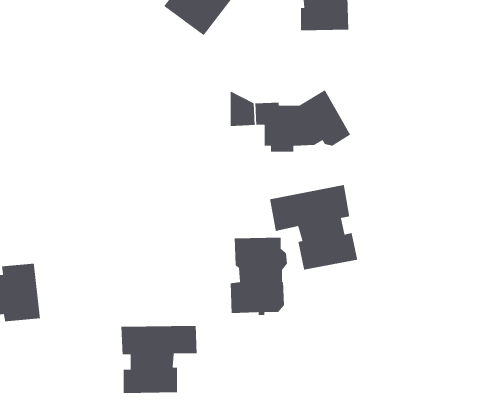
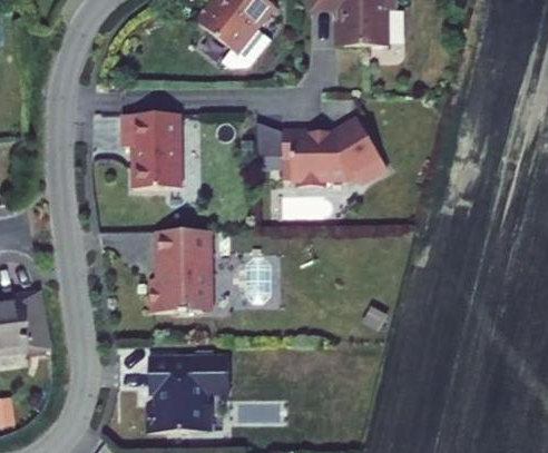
building: none -> [119,115,178,189]
building: [269,184,358,270] -> none
building: [230,237,288,316] -> [149,232,212,316]

